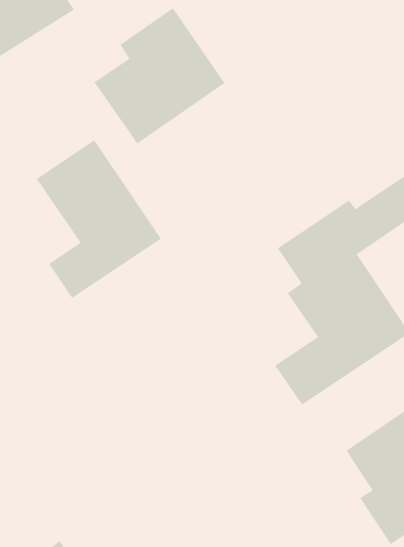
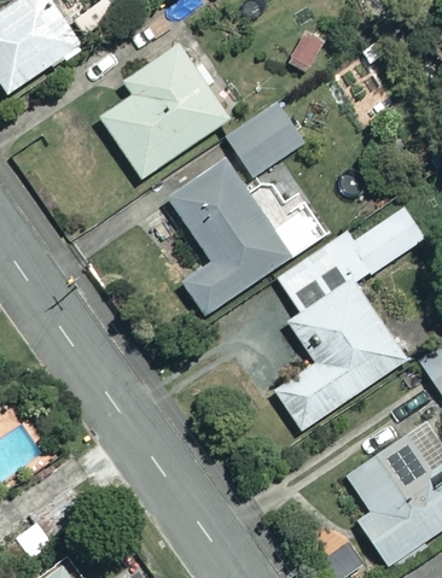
building: none -> [227,103,306,177]
building: [36,139,162,299] -> [169,159,291,314]

